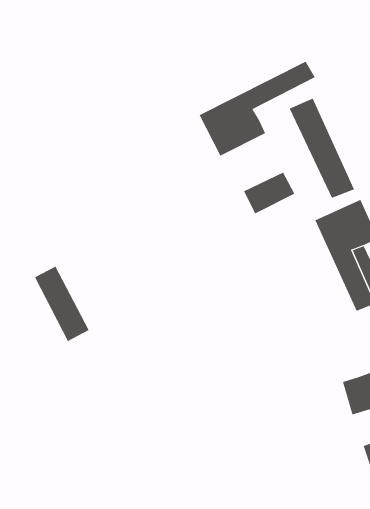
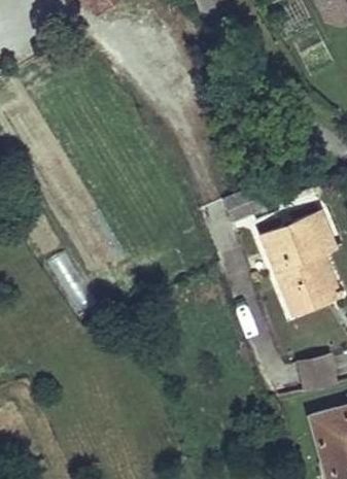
building: [199,61,316,156] -> none
building: [289,98,355,199] -> [263,228,312,311]

